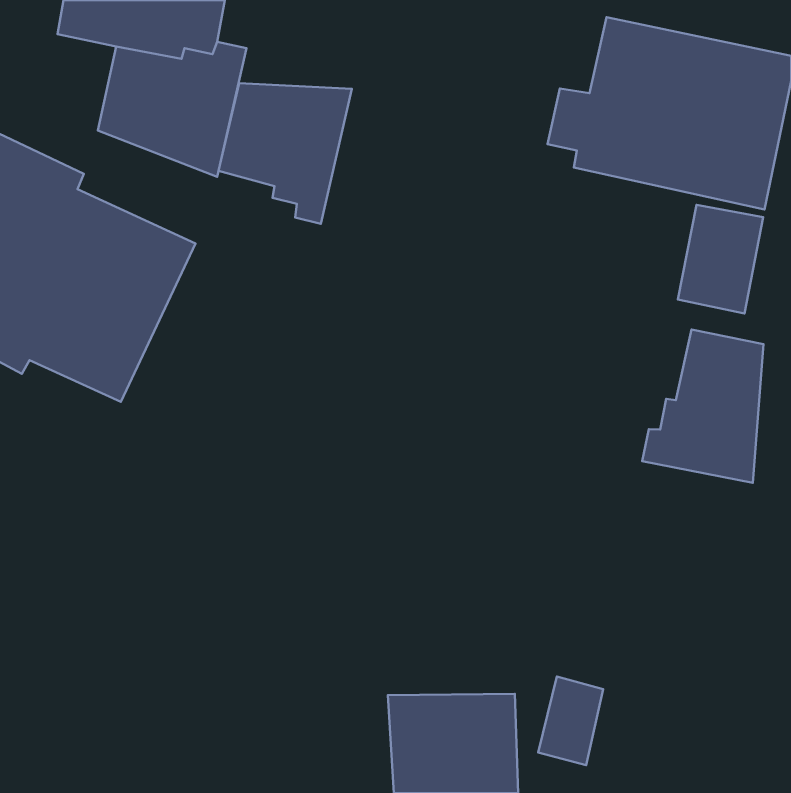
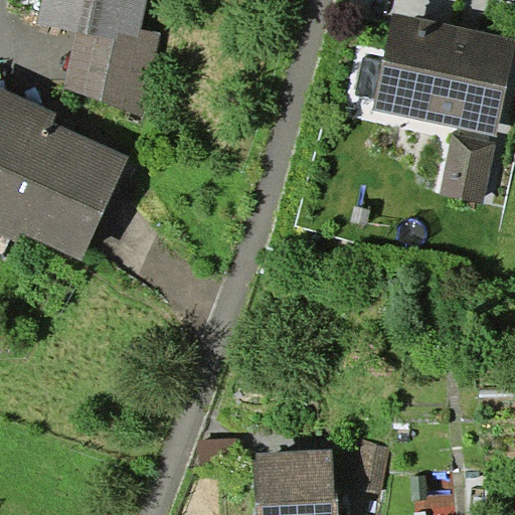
building: [219,83,352,224] -> none
building: [642,330,763,483] -> none

